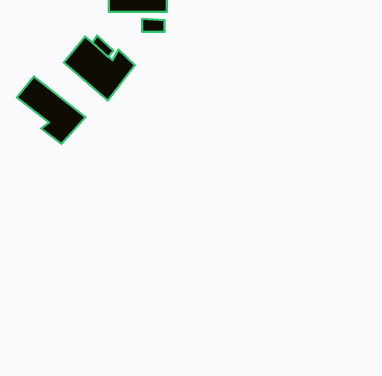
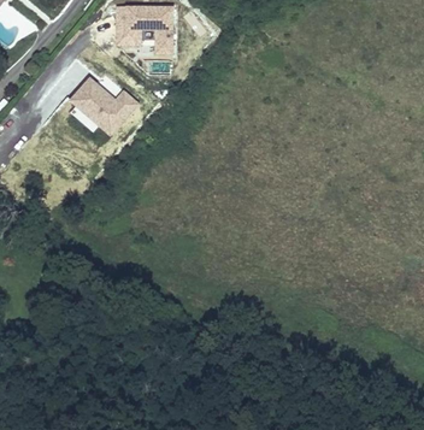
building: [17,77,85,144] -> none

